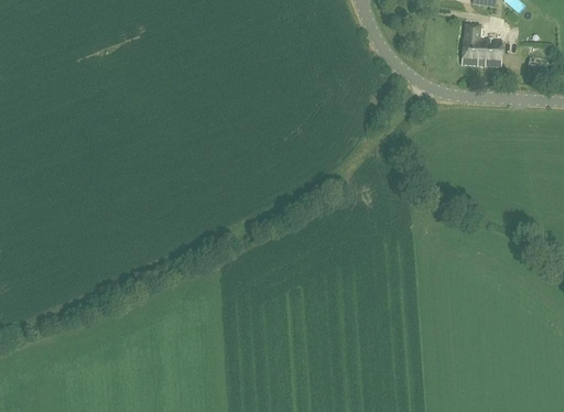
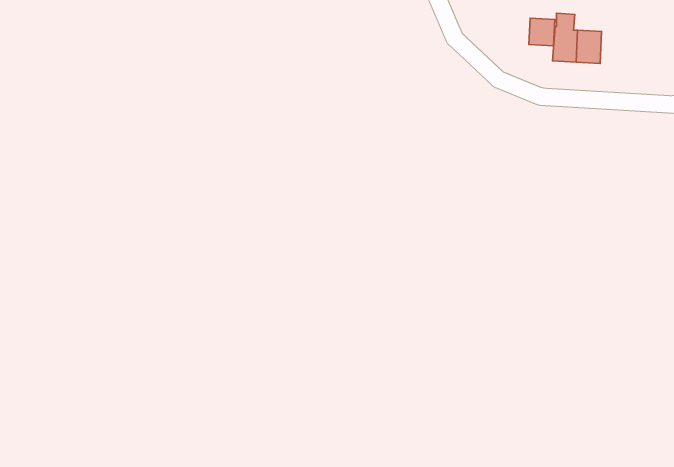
building: none -> [529,18,555,46]

